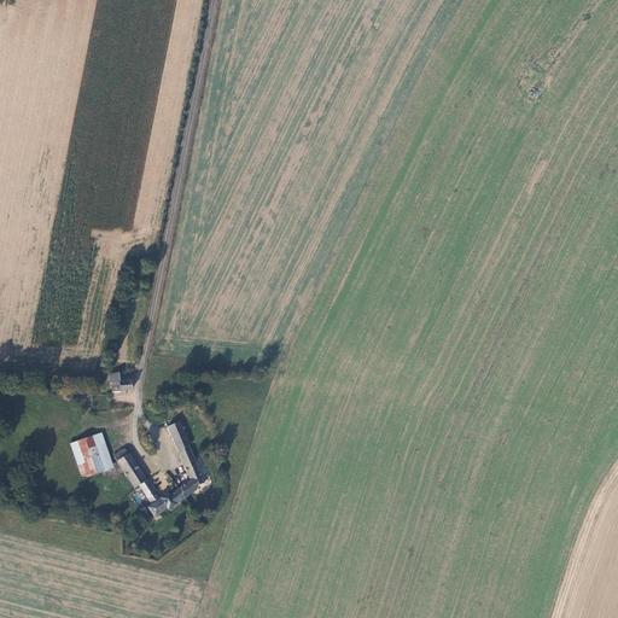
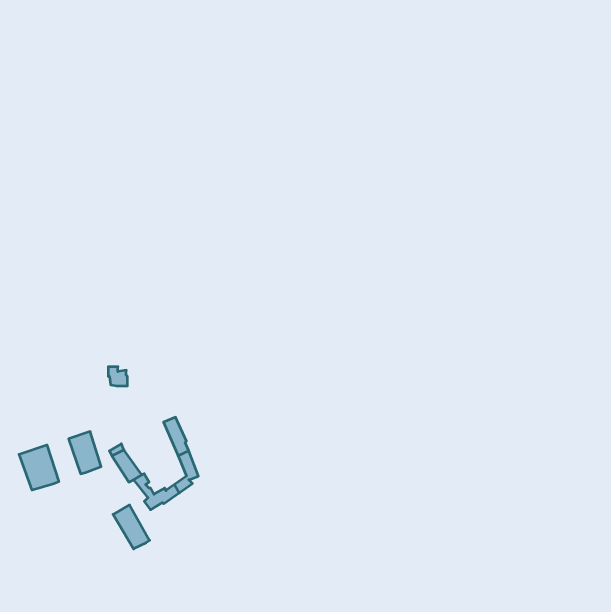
building: none -> [19,445,59,490]
building: none -> [113,505,150,549]

